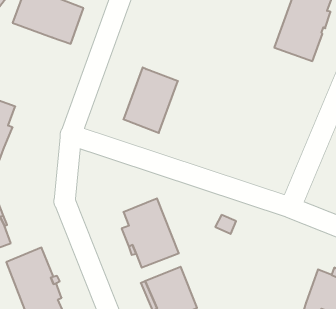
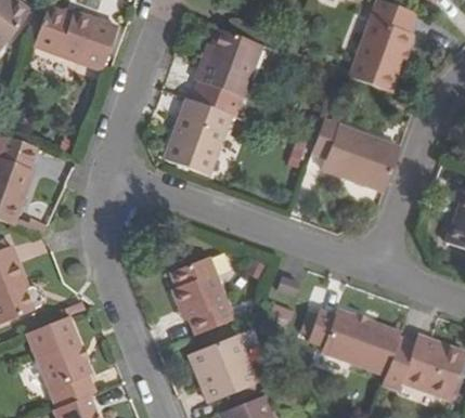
building: none -> [193,28,264,118]
building: none -> [311,118,401,190]
building: none -> [309,310,400,378]

